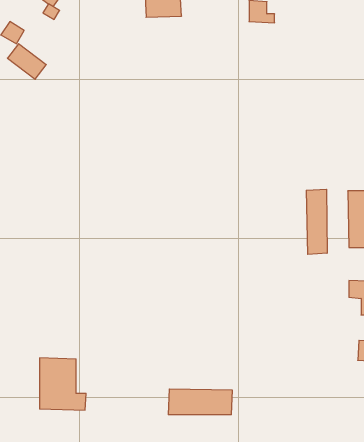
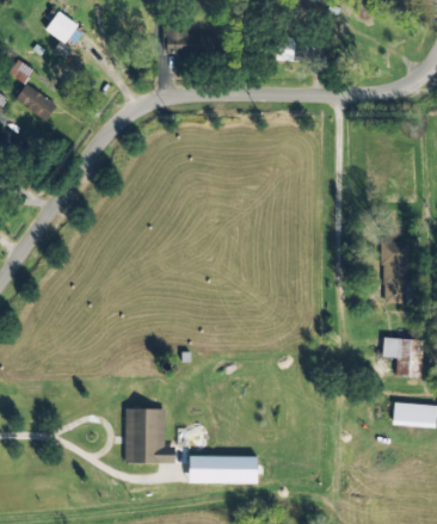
building: [306,189,327,254] -> none
building: [40,358,86,410] -> [125,407,176,463]

